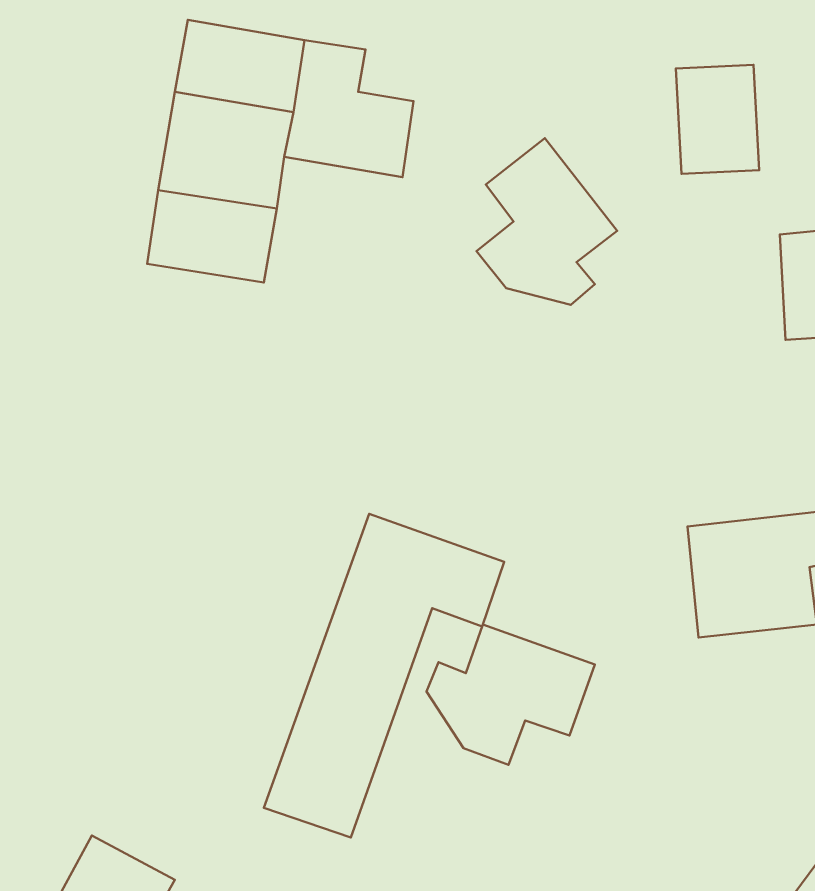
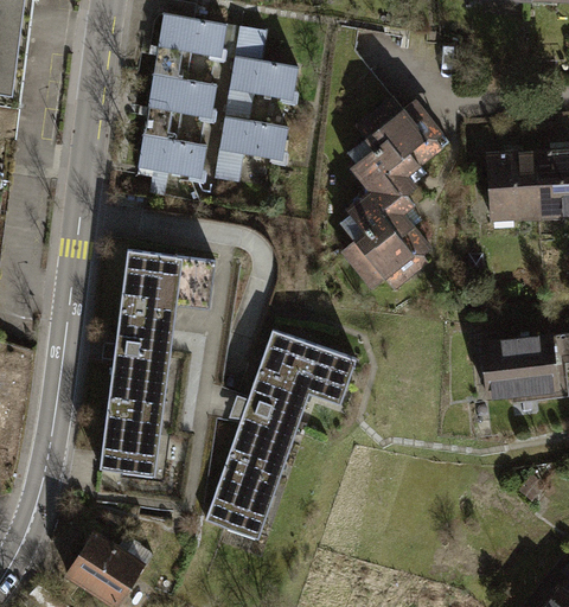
building: [676,65,759,174] -> [490,152,543,222]
building: none -> [209,102,298,187]
building: none -> [335,186,426,296]
building: none -> [90,242,212,467]
building: [427,624,595,765] -> none

